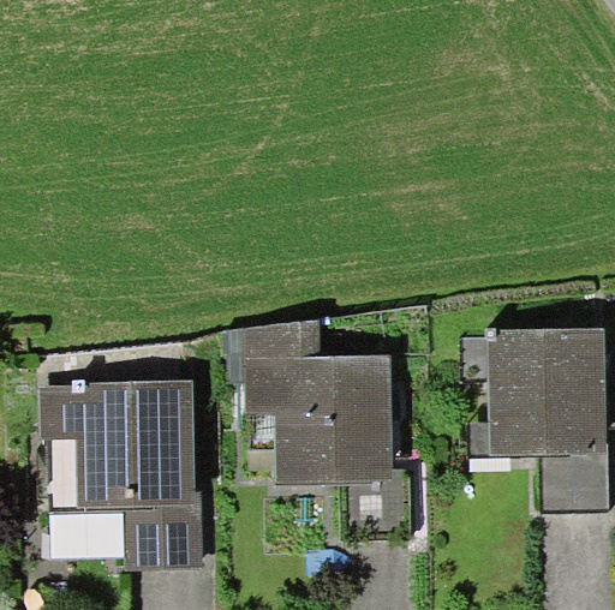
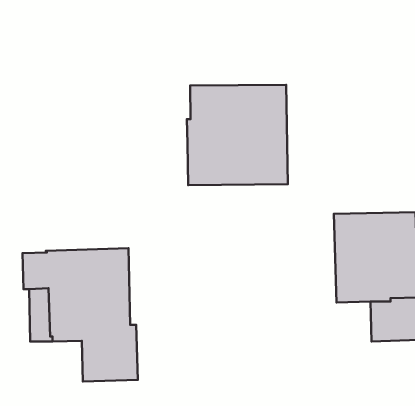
building: none -> [187,85,288,185]
building: [222,317,392,485] -> none

